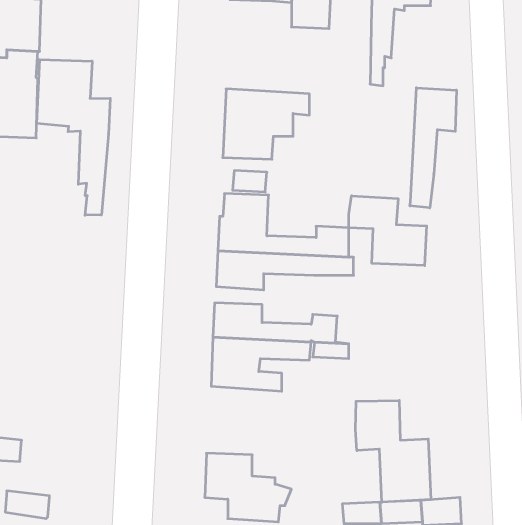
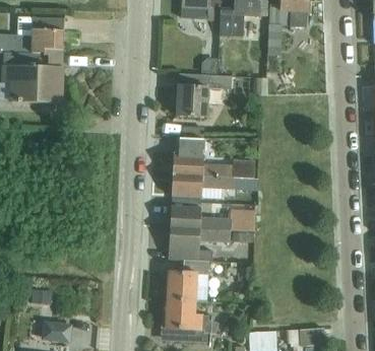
building: [37,60,110,215] -> none
building: [410,88,456,208] -> none
building: [349,196,427,266] -> none
building: none -> [167,260,209,300]
building: [355,400,431,502] -> none

